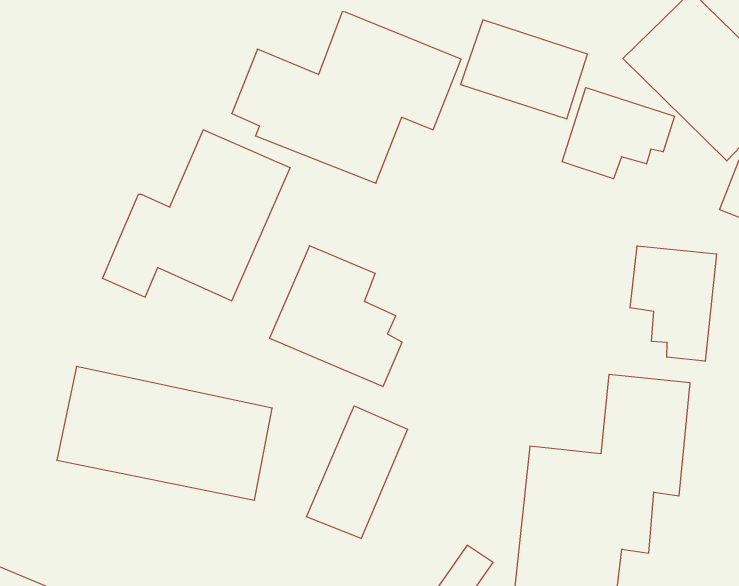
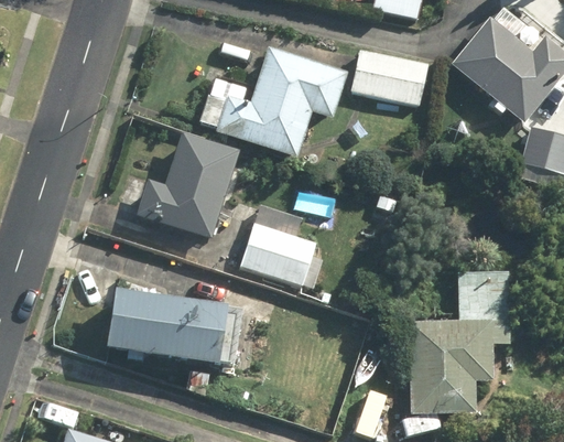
building: [562,88,675,179] -> none
building: [630,246,717,361] -> none
building: [307,406,407,539] -> none

